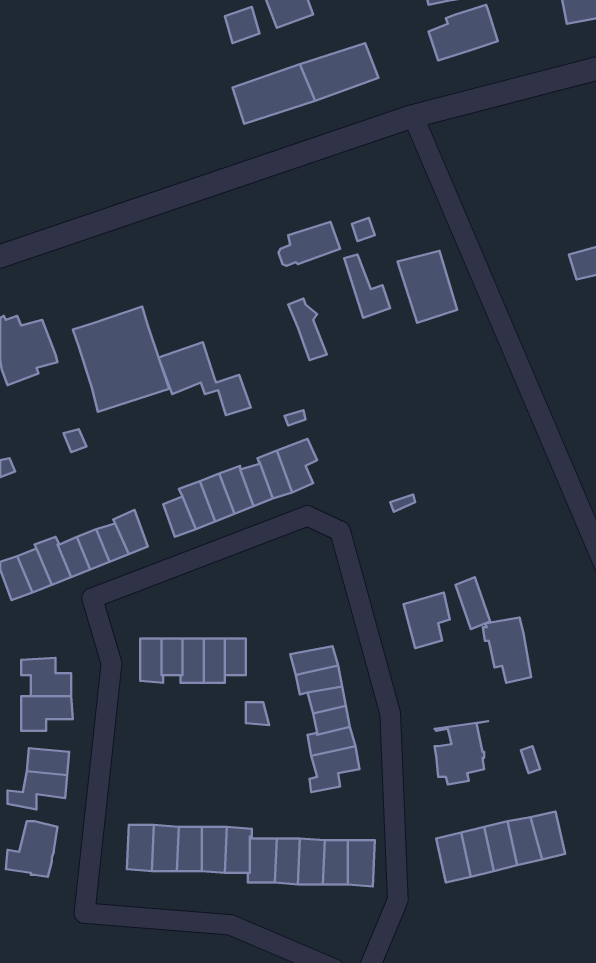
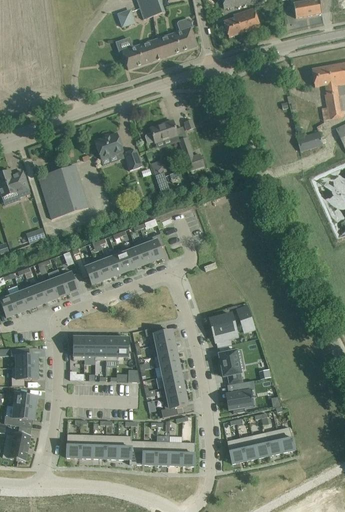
building: [397,251,457,323] -> none
building: [159,342,251,415] -> [94,132,142,170]
building: none -> [144,326,173,345]
building: [483,618,531,683] -> [217,350,242,384]

